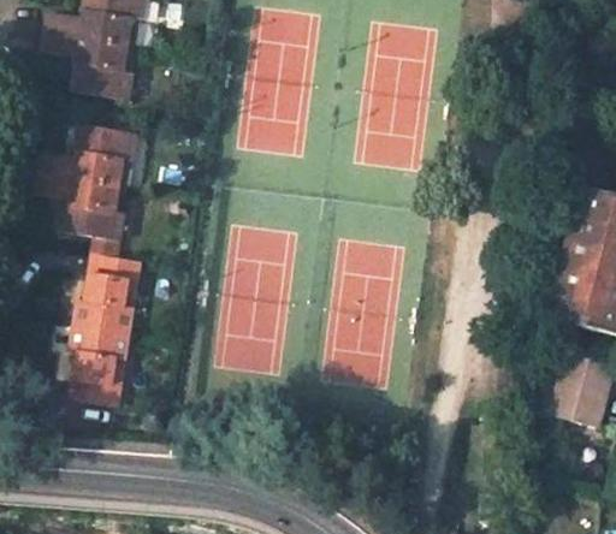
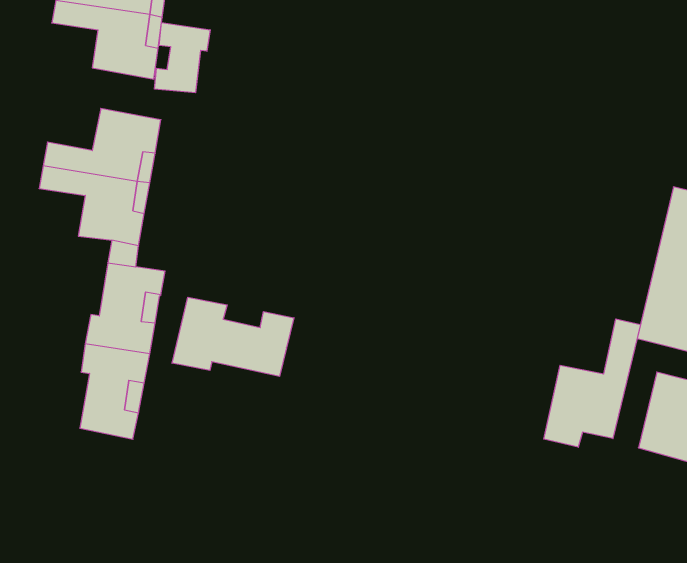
building: none -> [155,23,210,93]
building: none -> [172,297,294,376]
building: none -> [544,319,640,447]

